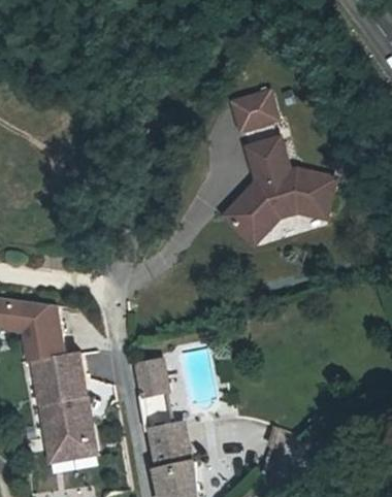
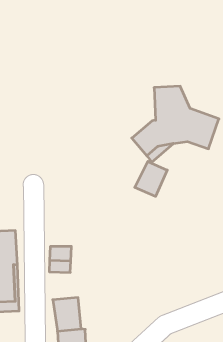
building: [223,87,275,136] -> none
building: none -> [135,161,167,196]

